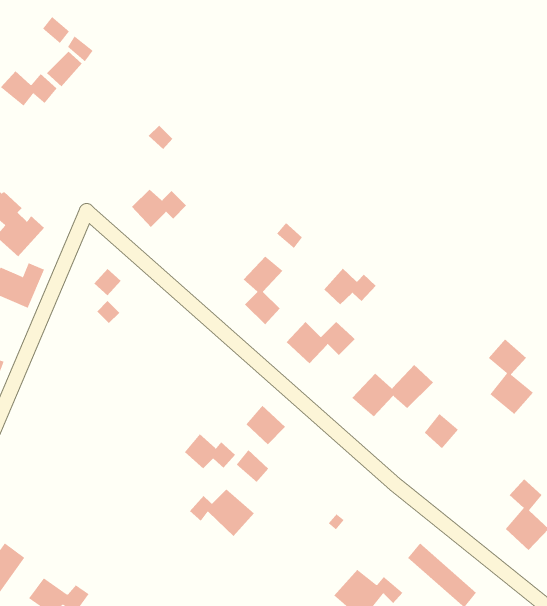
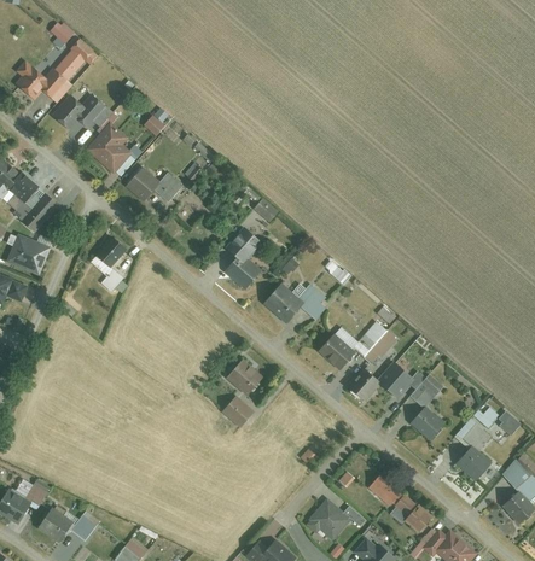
building: none -> [51,98,105,130]
building: none -> [87,125,140,173]
building: [324,268,376,305] -> none
building: [488,338,534,415] -> [406,376,446,443]
building: none -> [348,368,380,401]
building: [184,433,236,469] -> none
building: [189,489,255,537] -> none

